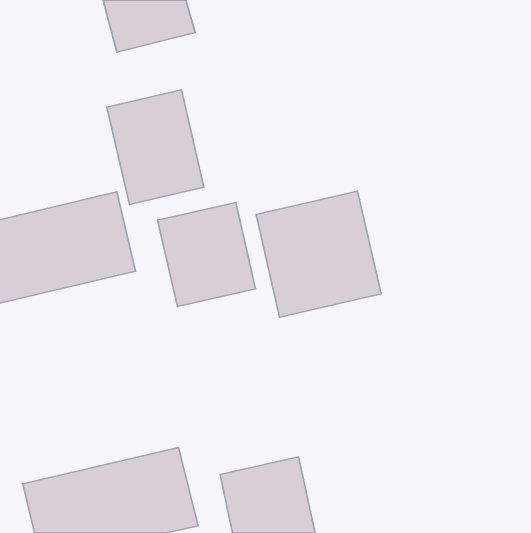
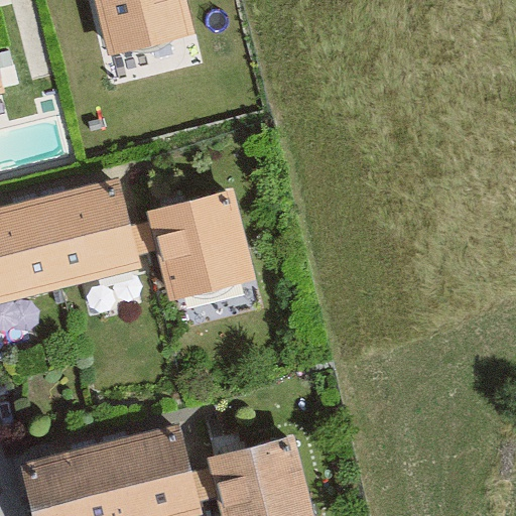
building: [107,90,204,204] -> none
building: [256,191,381,317] -> none

